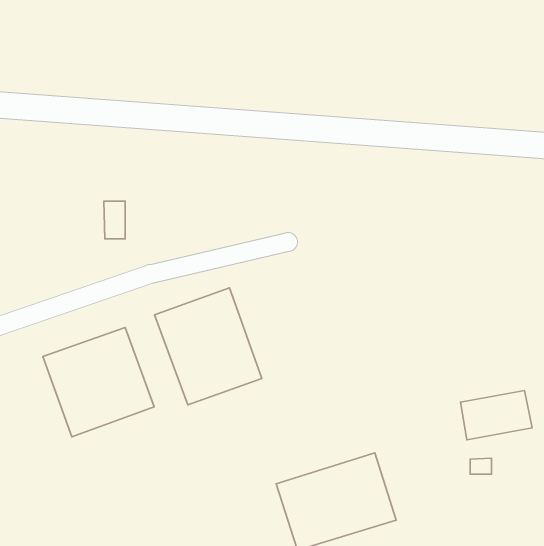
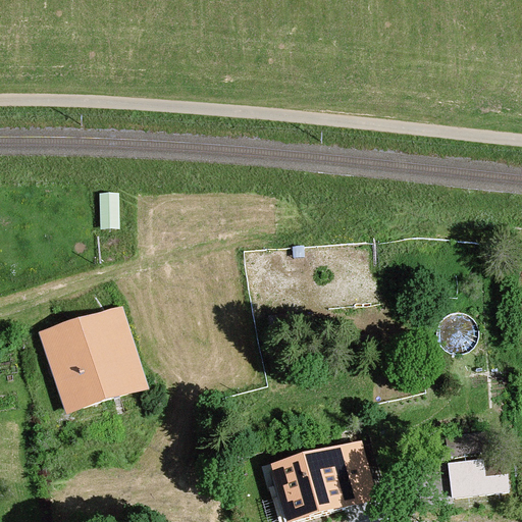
building: [155,288,262,405] -> none
building: [460,391,532,440] -> [445,453,513,500]

